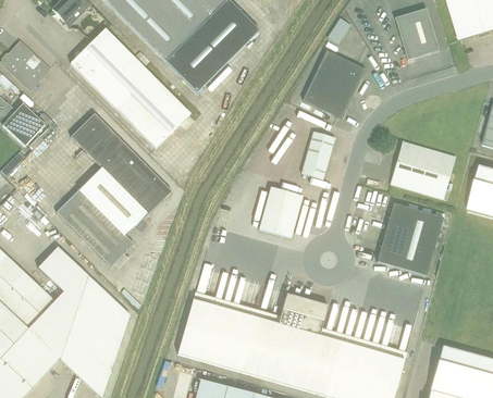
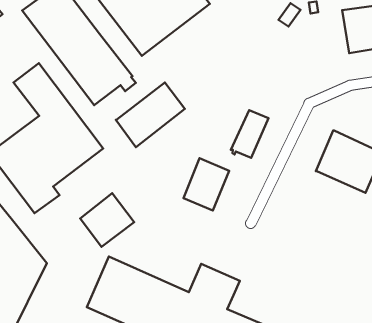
building: [304,50,363,119] -> none
building: none -> [116,83,185,147]
building: [378,203,444,276] -> none
building: none -> [80,193,134,247]

